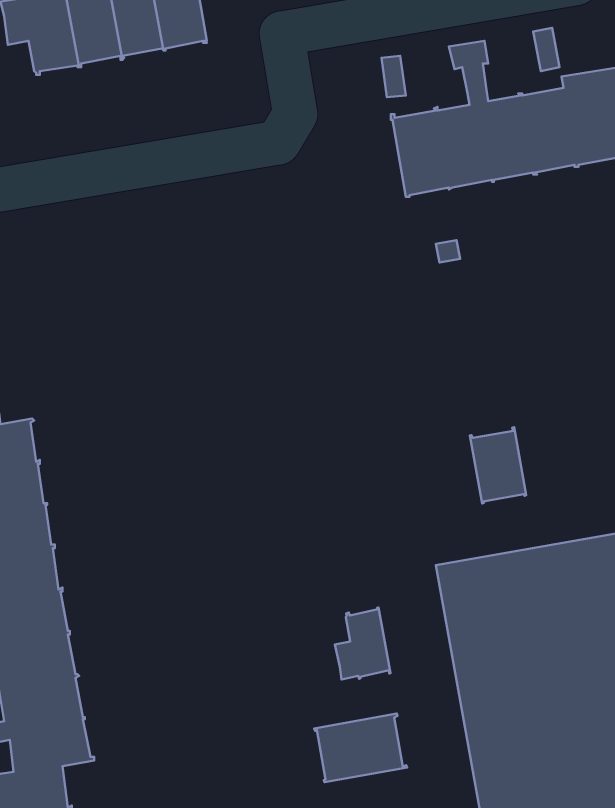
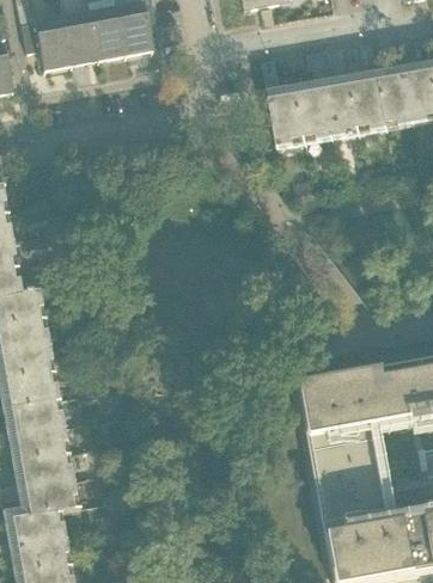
building: [470,427,526,504] -> none
building: [335,607,390,679] -> none
building: [314,714,407,782] -> none

